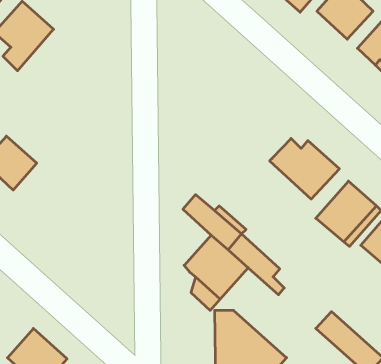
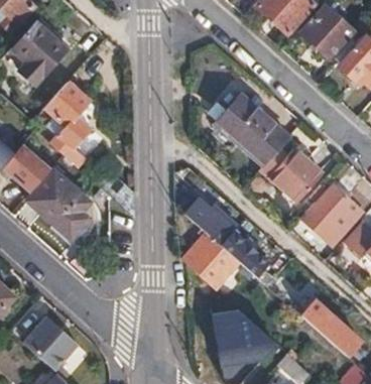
building: none -> [45,83,92,157]
building: none -> [217,95,287,164]
building: none -> [29,170,91,238]

